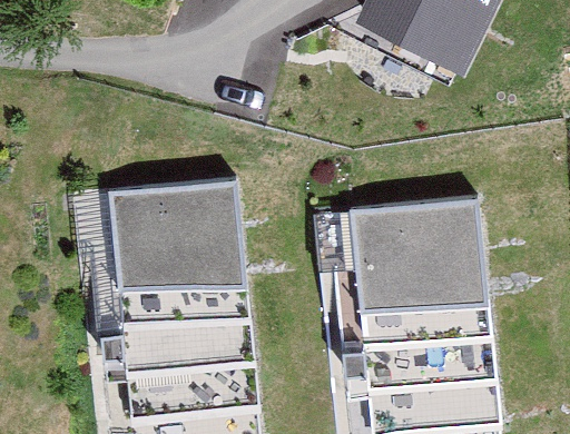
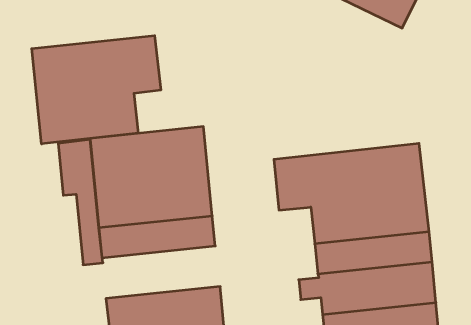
building: none -> [32,36,161,144]
building: [100,313,254,372] -> none

